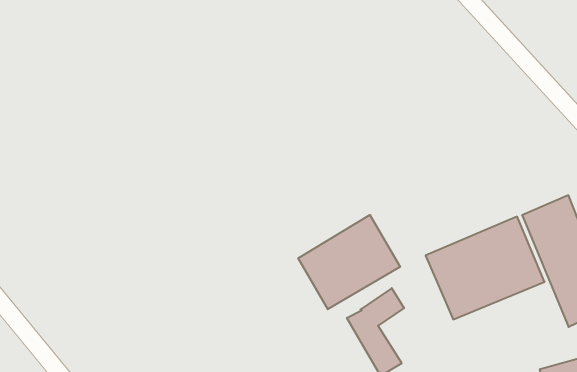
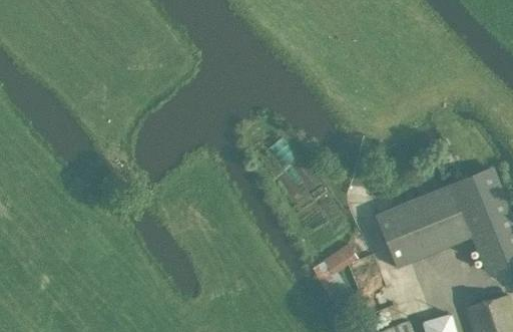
building: [298,215,400,309] -> none

